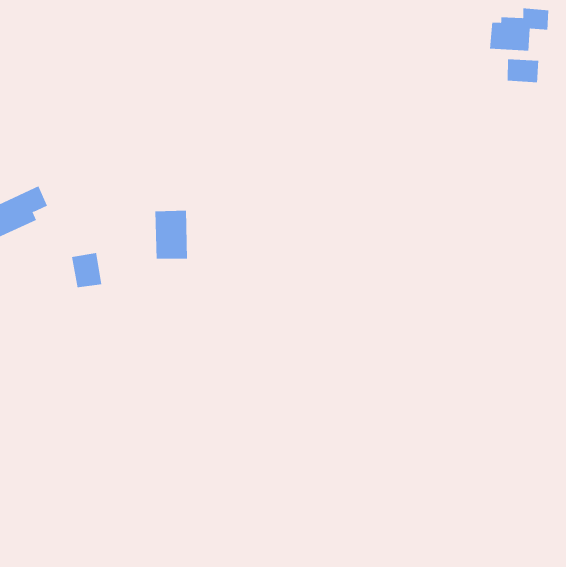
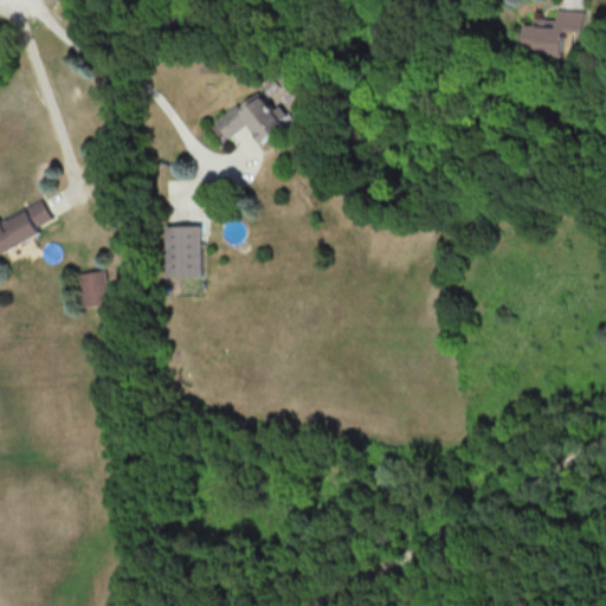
building: [507,58,539,83] -> none
building: none -> [214,91,291,143]

